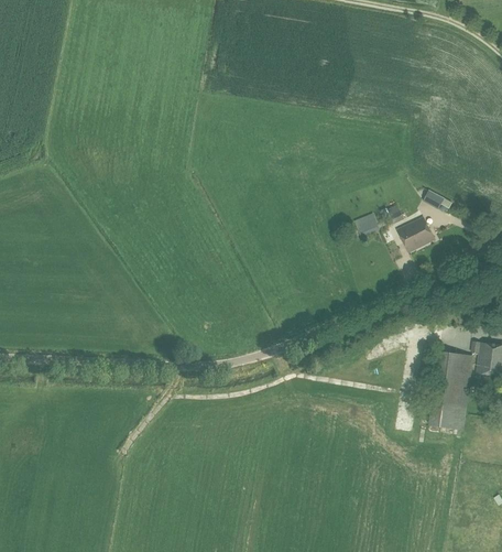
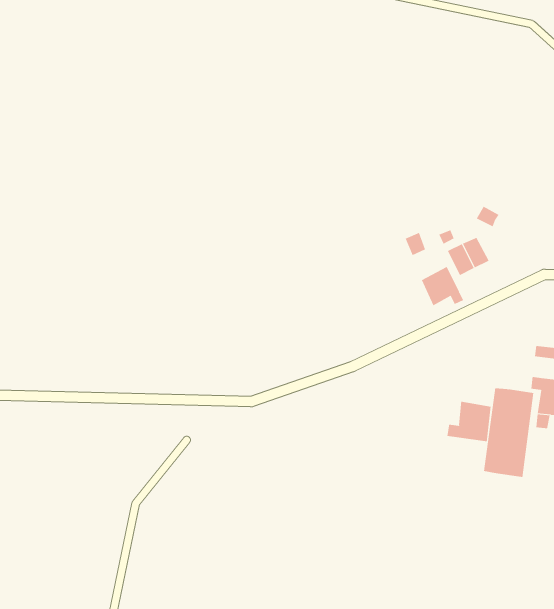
building: none -> [421,266,464,306]
building: none -> [447,401,491,442]

